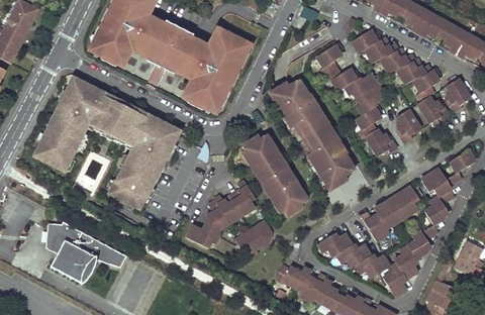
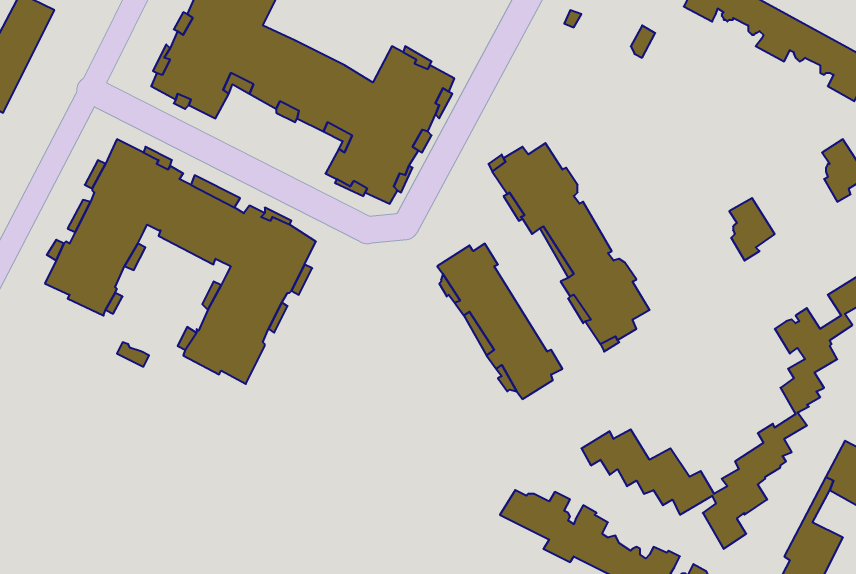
building: [352,30,449,123] -> none
building: [316,42,397,155] -> none
building: [186,180,256,248] -> none
building: [361,186,418,239] -> none
building: [46,220,126,283] -> none
building: [235,223,270,255] -> none

